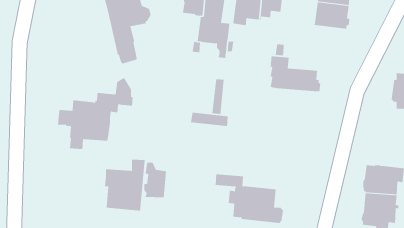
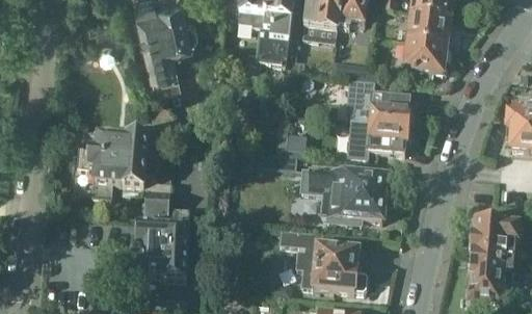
building: none -> [403,38,449,76]
building: none -> [349,119,414,157]
building: none -> [301,167,388,224]
building: [143,162,167,198] -> [141,173,171,218]

